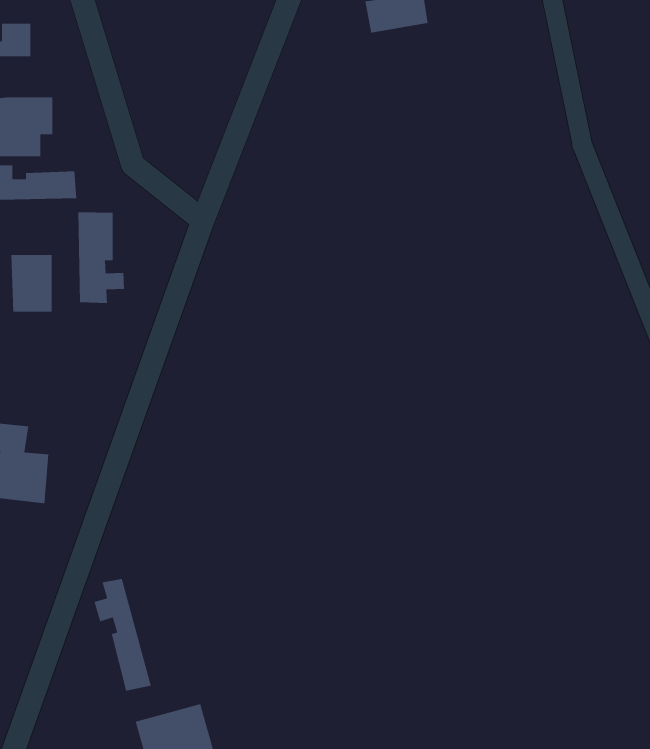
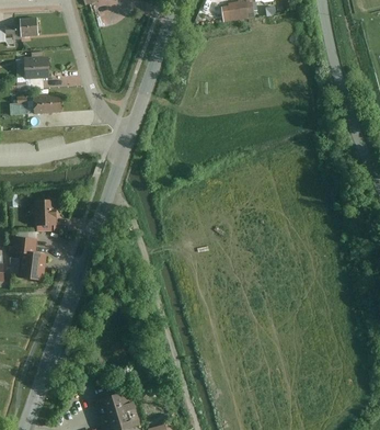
building: [78,212,125,304] -> none
building: [10,254,52,312] -> [33,199,56,230]
building: [94,578,152,691] -> none

